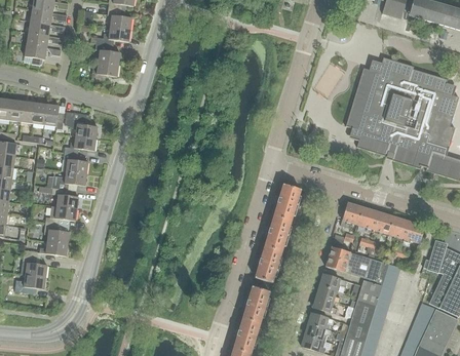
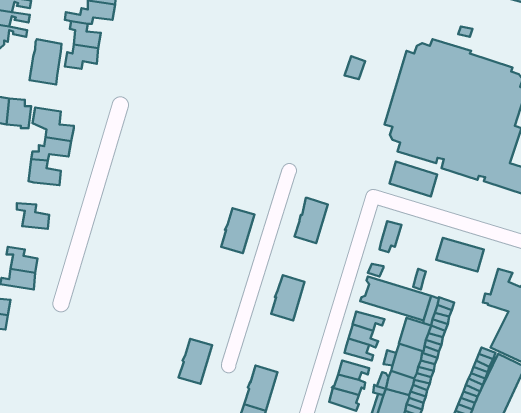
building: none -> [29,39,62,84]
building: [51,171,86,189] -> none
building: [45,205,77,225] -> none
building: [353,205,391,233] -> [389,162,437,196]
building: [264,214,291,250] -> [221,208,255,253]
building: [242,286,269,322] -> [179,339,212,384]

